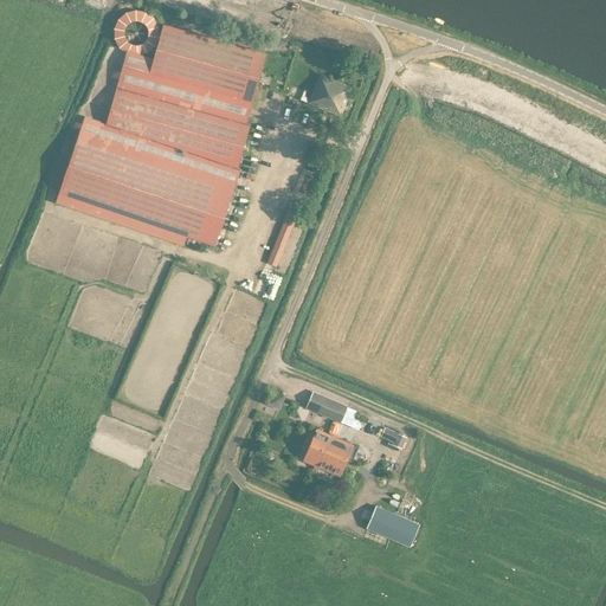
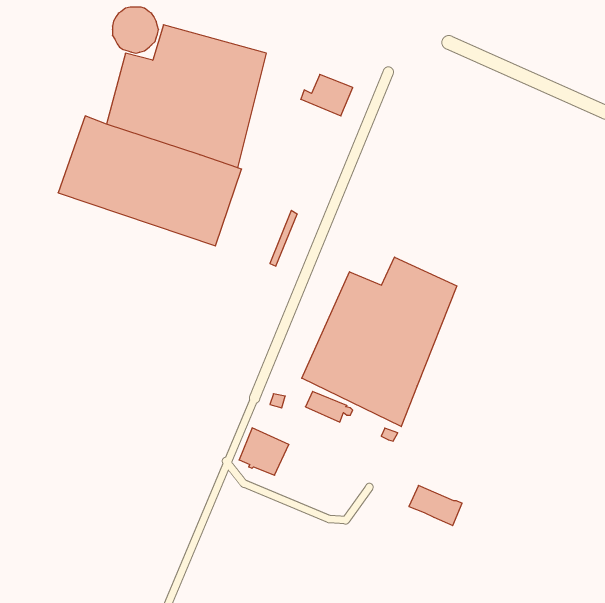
building: none -> [302,257,457,427]
building: [303,430,353,477] -> [239,428,289,475]
building: [366,508,419,548] -> [409,485,462,526]

